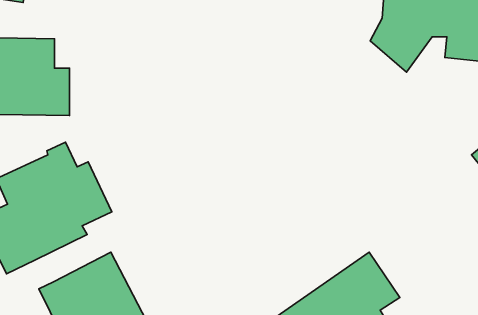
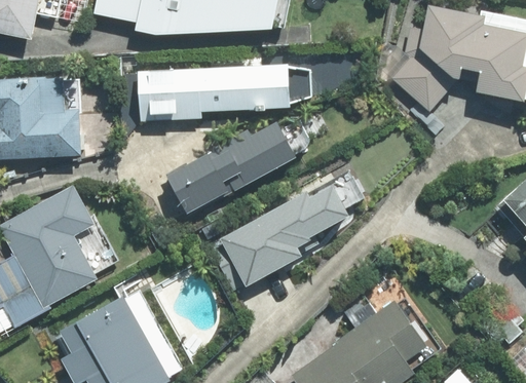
building: none -> [139,66,285,120]
building: none -> [164,122,295,215]
building: none -> [212,185,345,289]

